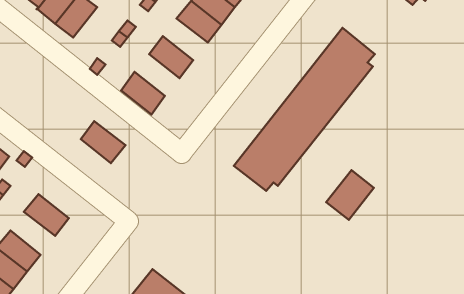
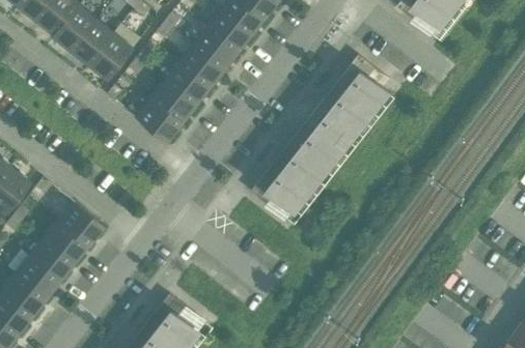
building: none -> [91,35,134,80]
building: none -> [181,47,225,88]
building: none -> [153,82,197,123]
building: [81,121,126,163] -> [57,203,102,244]
building: [326,170,374,220] -> none
building: none -> [29,238,74,281]

